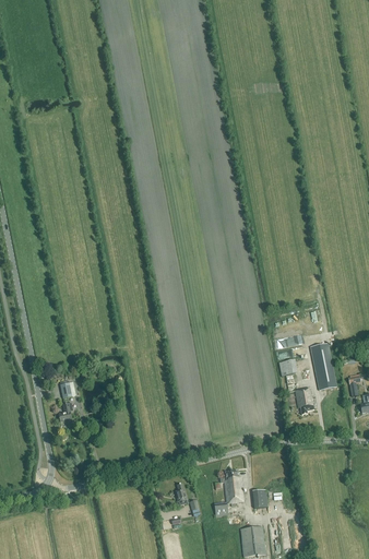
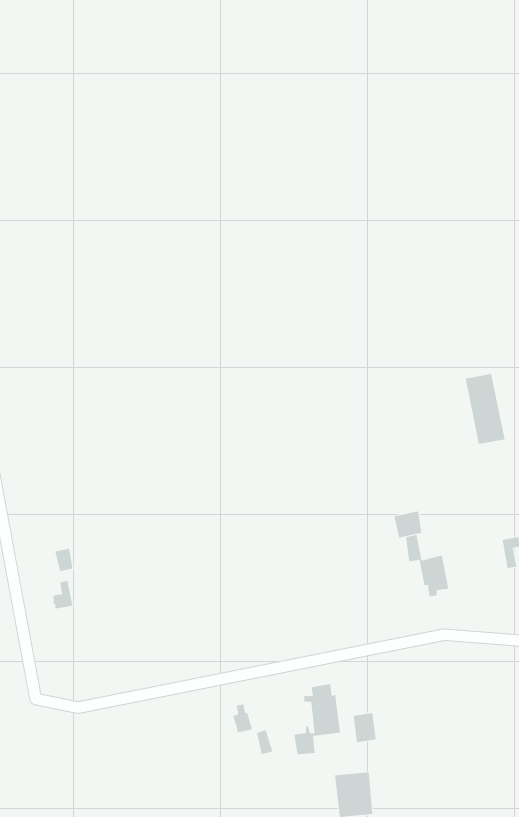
building: [310,343,336,389] -> [465,374,505,445]

